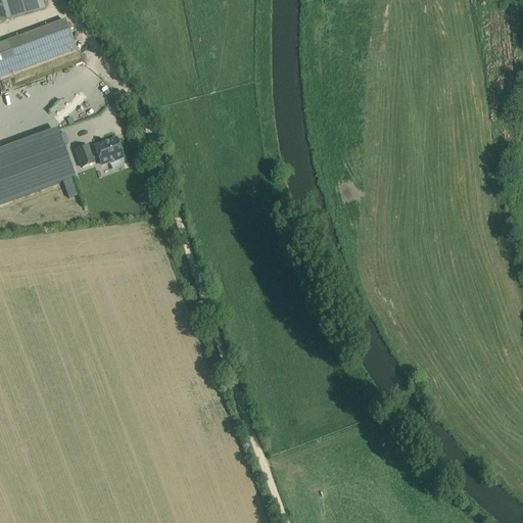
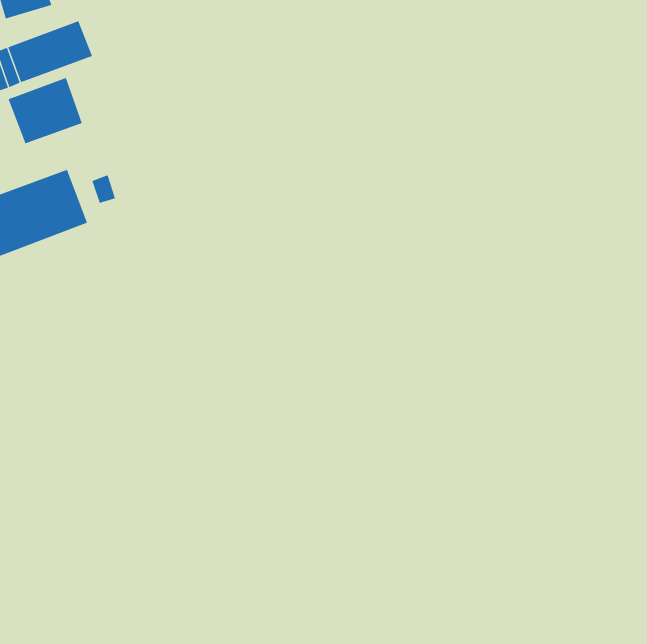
building: none -> [8,77,83,144]
building: [91,134,123,160] -> none

